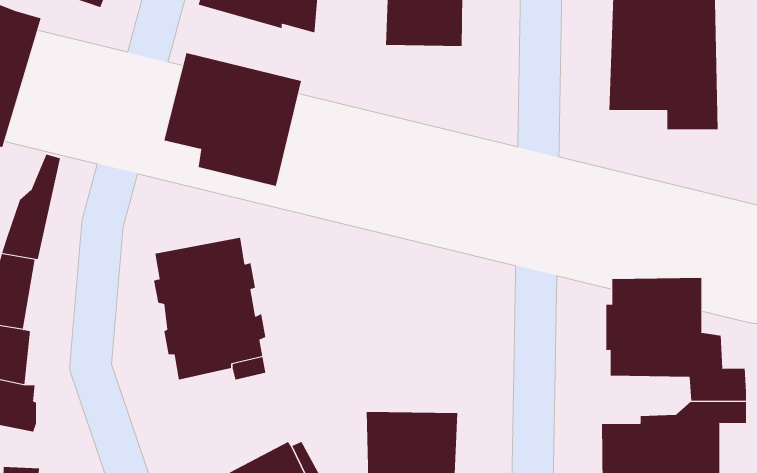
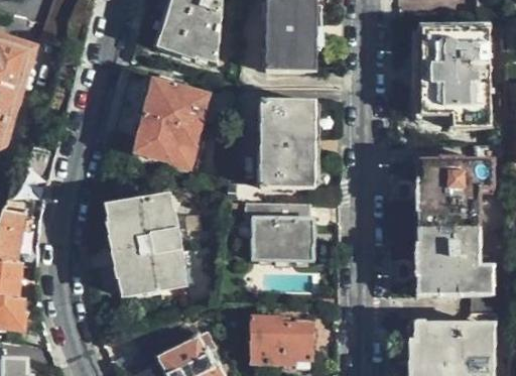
building: none -> [258,99,314,186]
building: none -> [413,141,505,228]
building: none -> [244,200,311,259]

